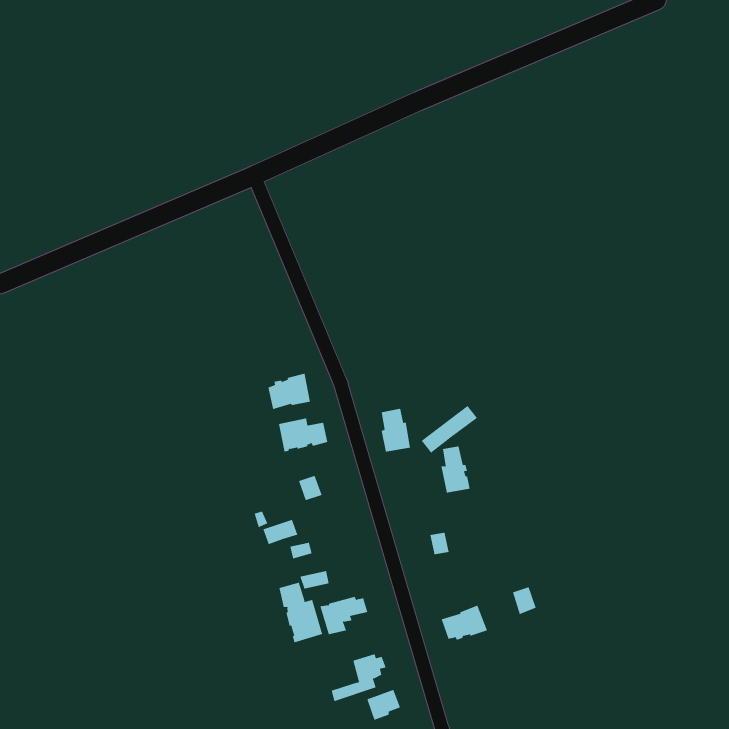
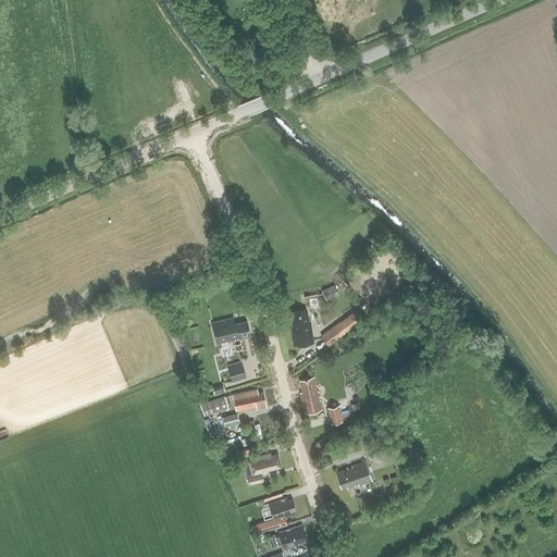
building: [268,373,311,410] -> none
building: [441,446,471,493] -> [299,377,322,413]
building: none -> [232,389,267,410]
building: [279,582,323,643] -> none

